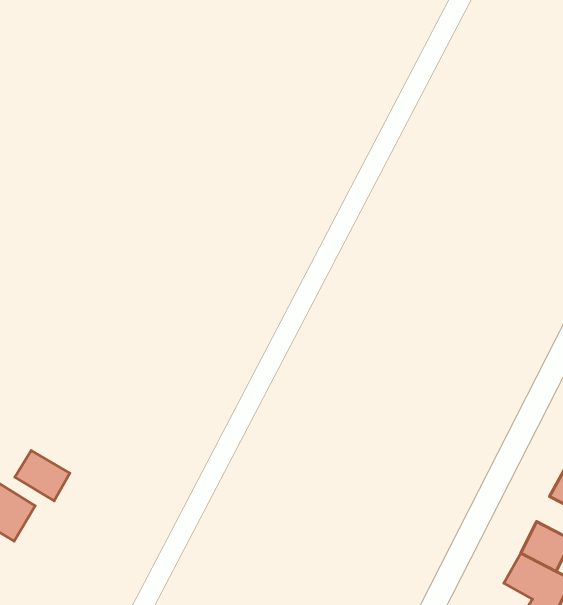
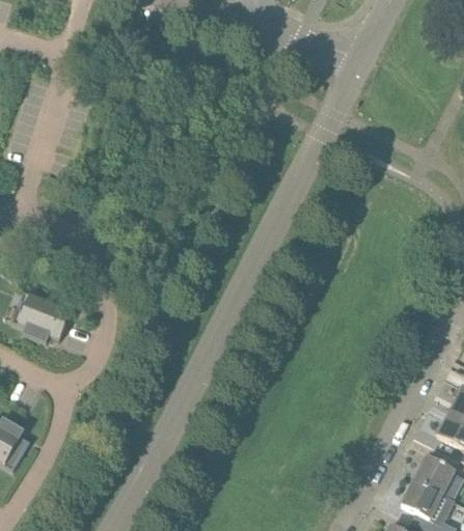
building: none -> [10,288,71,339]
building: [15,451,70,501] -> none

